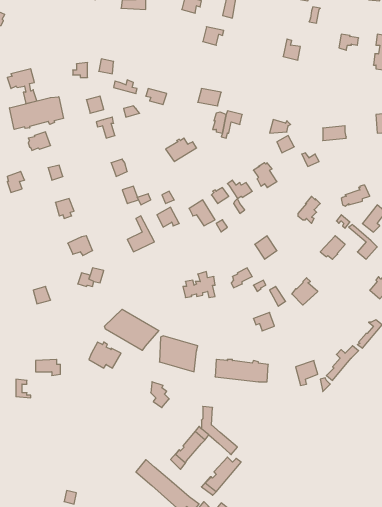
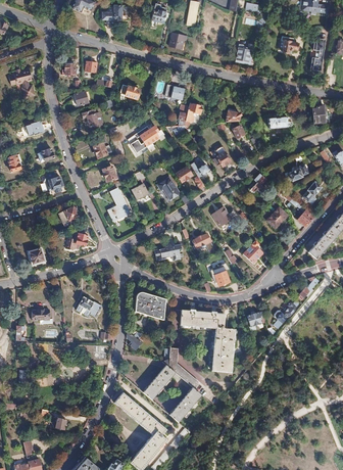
building: [10,97,63,129] -> none
building: [104,309,159,350] -> none
building: none -> [211,328,234,372]

